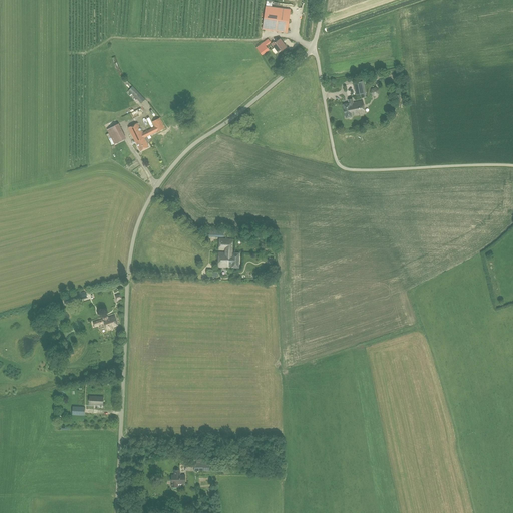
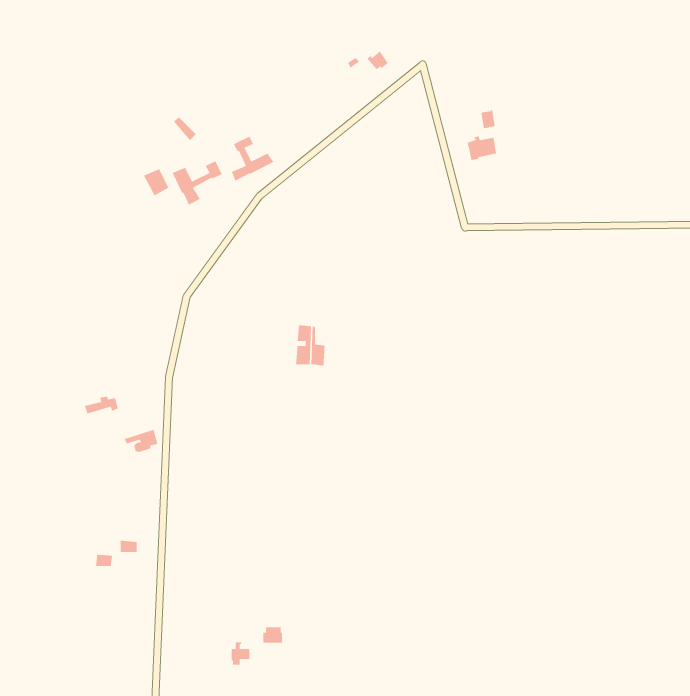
building: [263,5,291,32] -> none
building: none -> [231,136,274,182]

